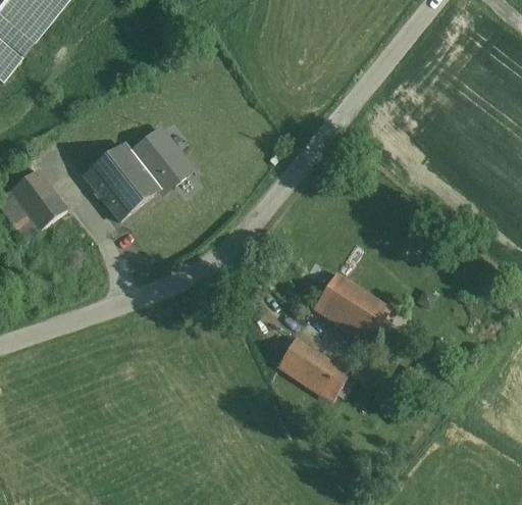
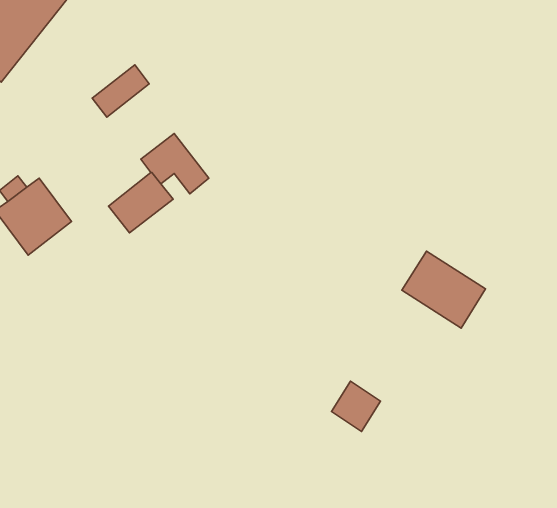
building: [87,147,139,195] -> [92,65,149,117]
building: [313,272,389,343] -> [402,251,486,328]
building: [277,338,321,383] -> none

